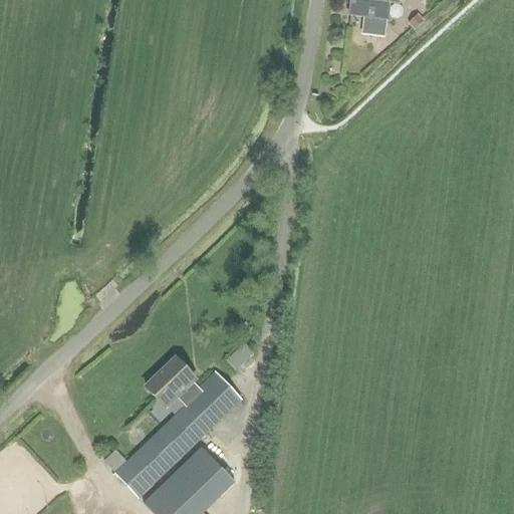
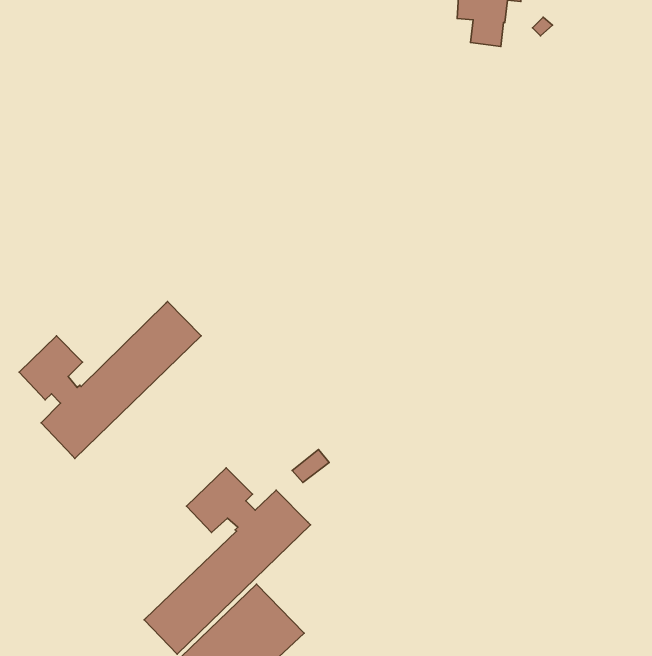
building: none -> [19,301,201,458]

